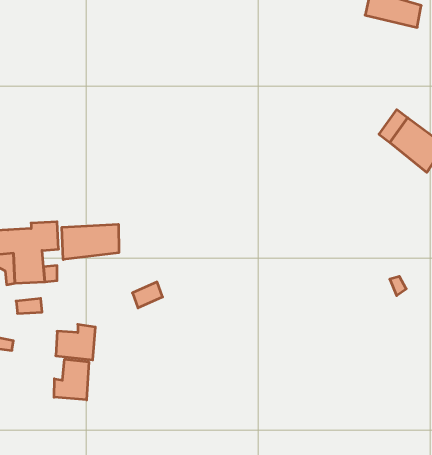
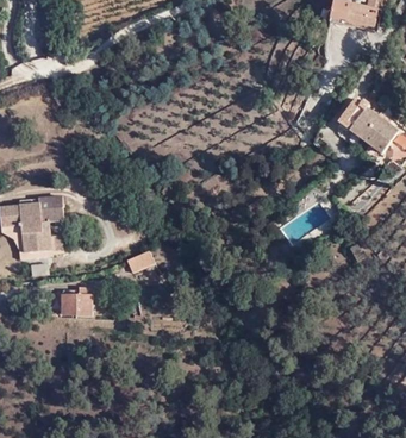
building: [62,224,119,260] -> none
building: [54,359,89,400] -> none

